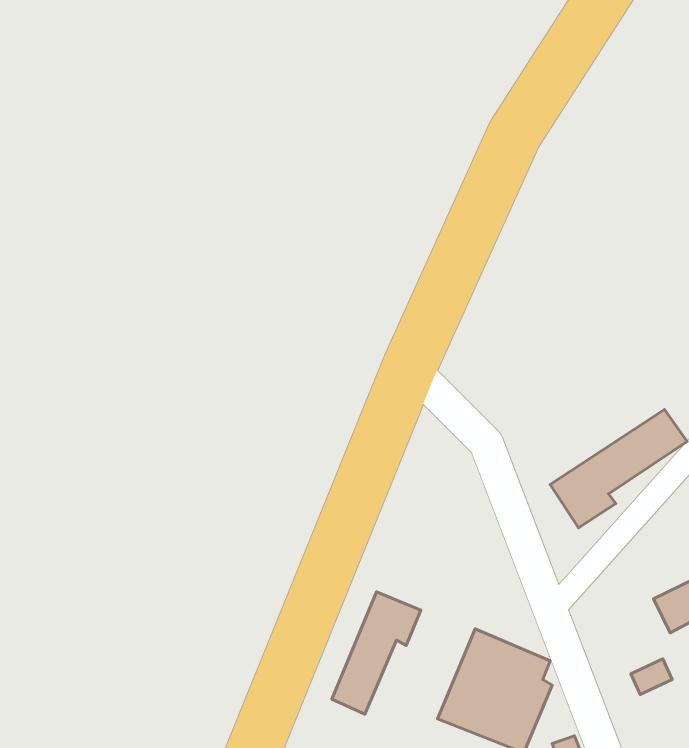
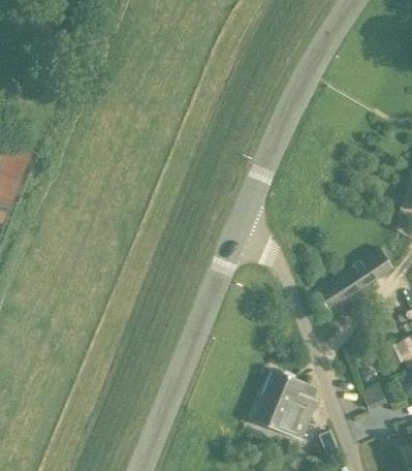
building: [332,592,421,714] -> none

